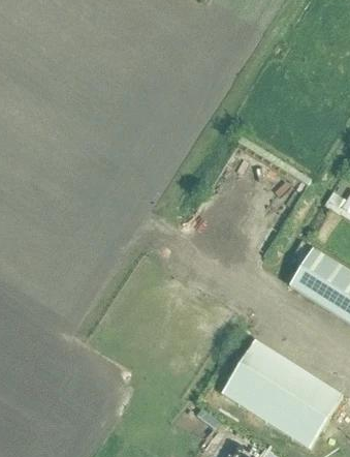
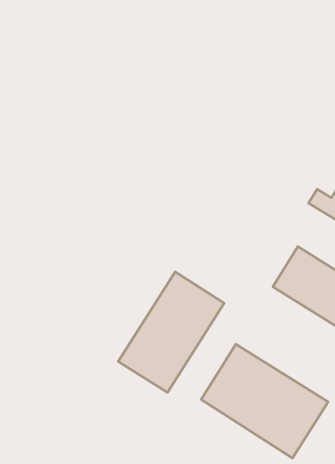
building: none -> [118,272,224,393]

